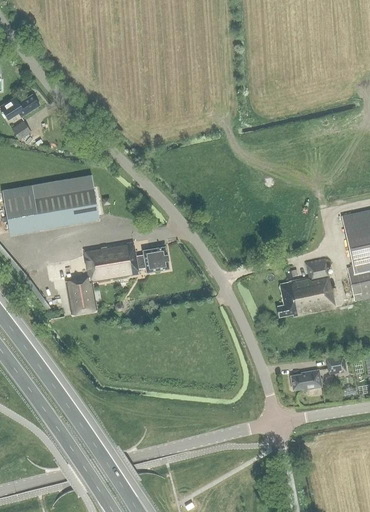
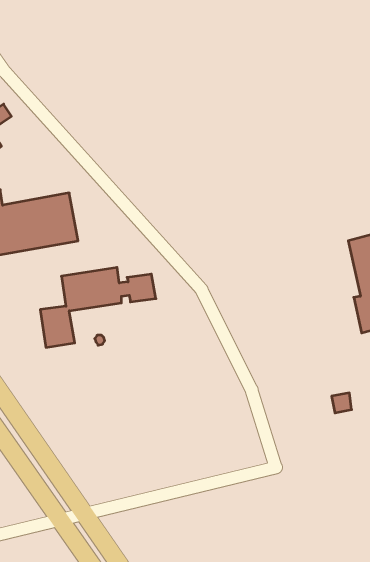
building: [277,257,336,316] -> none
building: [292,368,323,389] -> none

